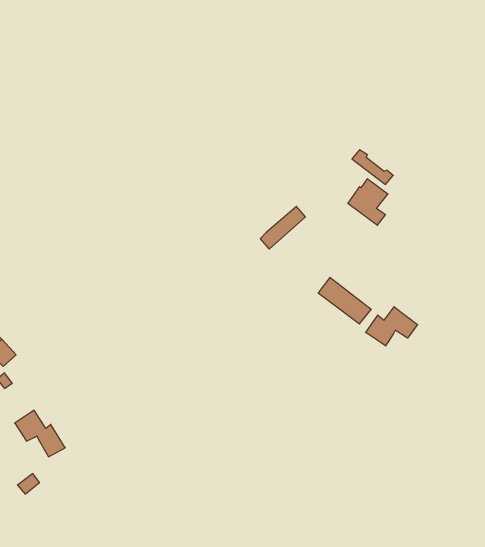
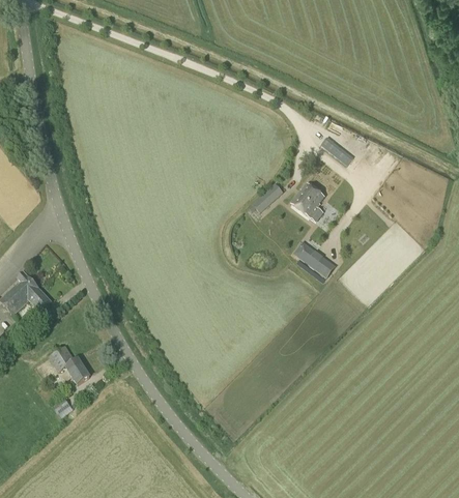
building: [348,179,388,225] -> [292,184,324,222]
building: [366,307,418,346] -> none

